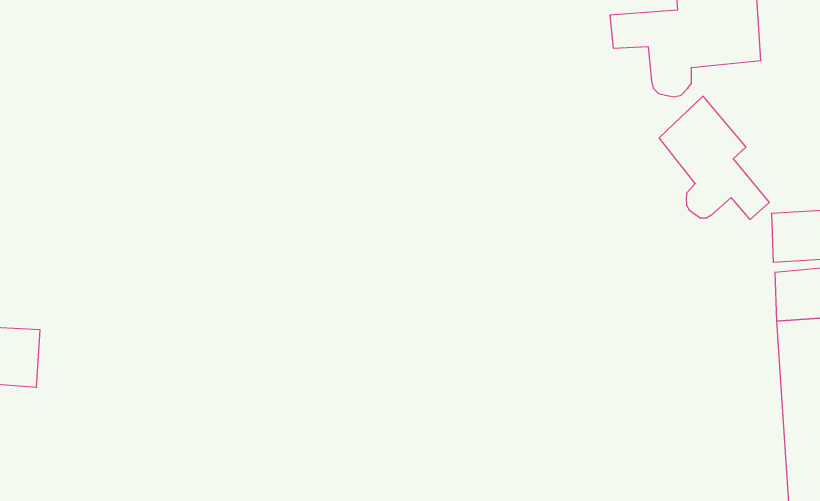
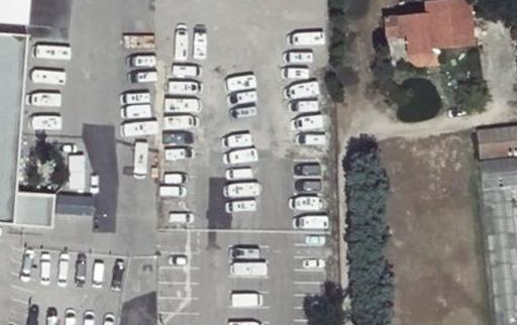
building: [659,96,769,219] -> none

